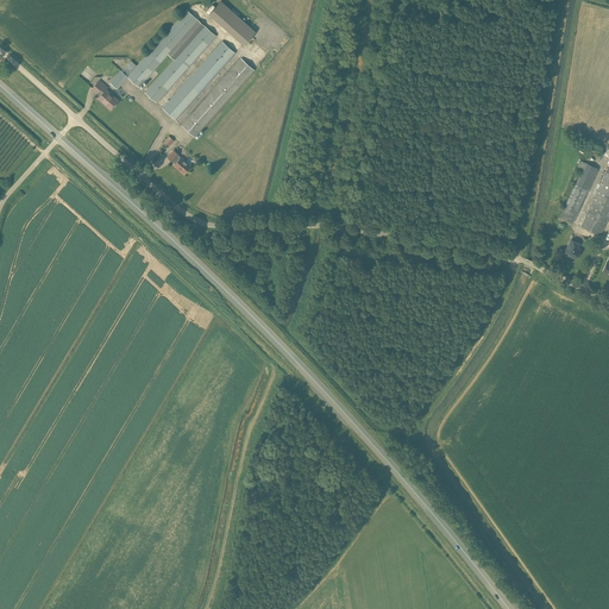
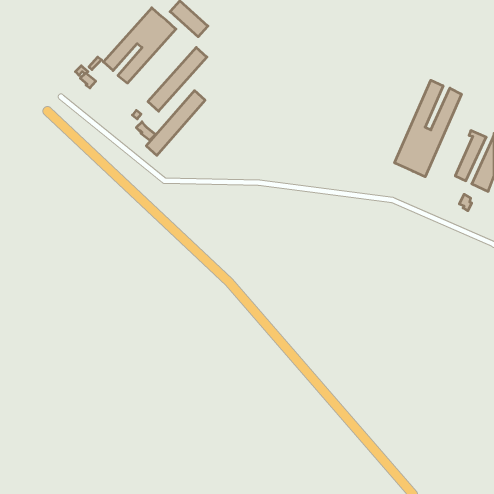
building: [163,40,236,120] -> [146,91,205,155]
building: none -> [395,80,461,177]

